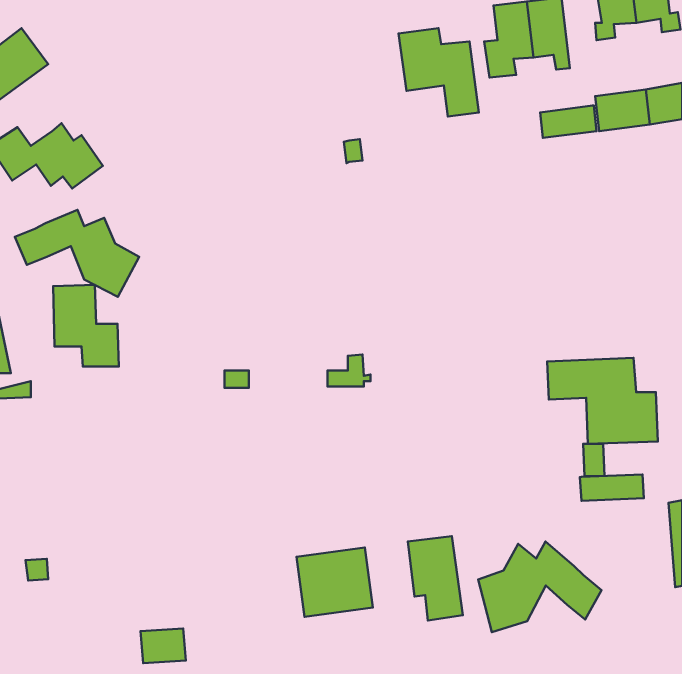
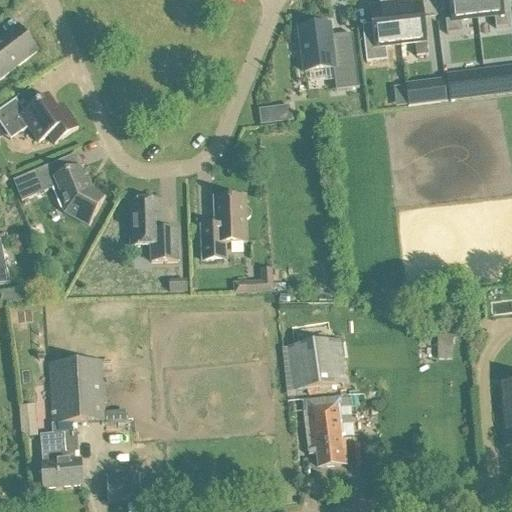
building: none -> [200,194,249,257]
building: [53,285,119,367] -> [128,196,177,257]
building: [547,358,658,444] -> none
building: [580,475,644,501] -> none
building: none -> [38,356,105,484]
building: [478,542,602,632] -> none
building: [297,547,373,617] -> [288,335,345,387]

